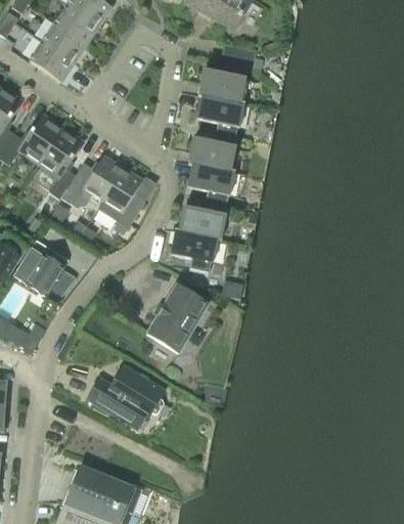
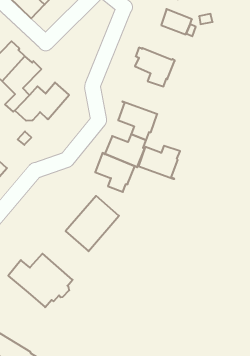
building: [198,64,245,103] -> none
building: [189,134,236,172] -> [139,146,180,179]
building: [97,167,145,228] -> none

